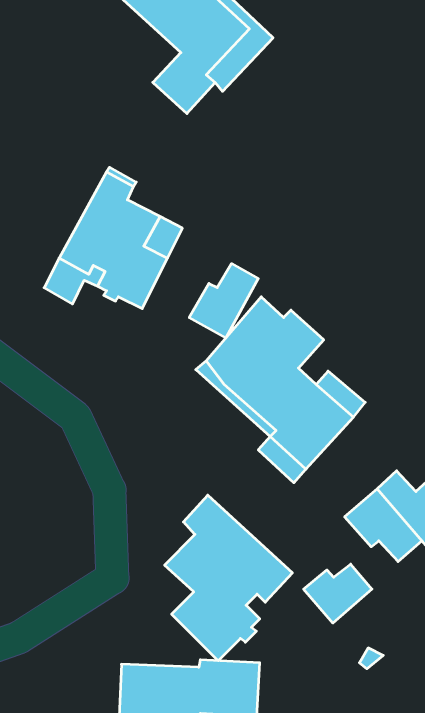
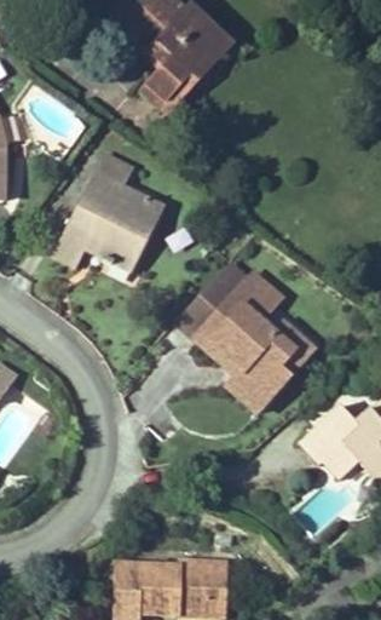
building: [189,264,258,338] -> none
building: [165,495,292,661] -> none
building: [304,564,372,623] -> none

